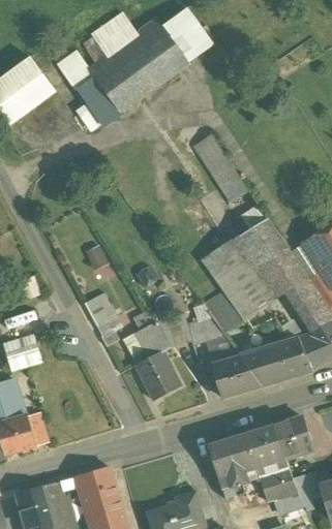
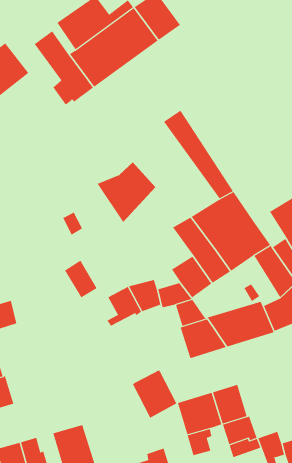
building: none -> [97,161,156,223]
building: [290,243,323,280] -> none
building: [134,350,182,402] -> [132,369,177,418]
building: [272,416,311,459] -> none

